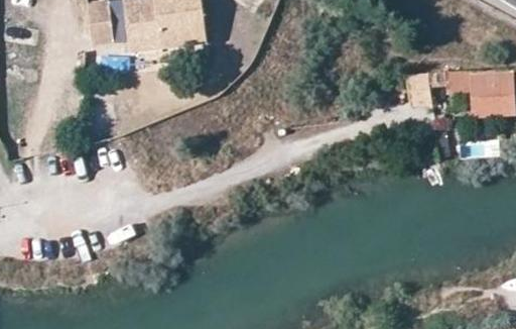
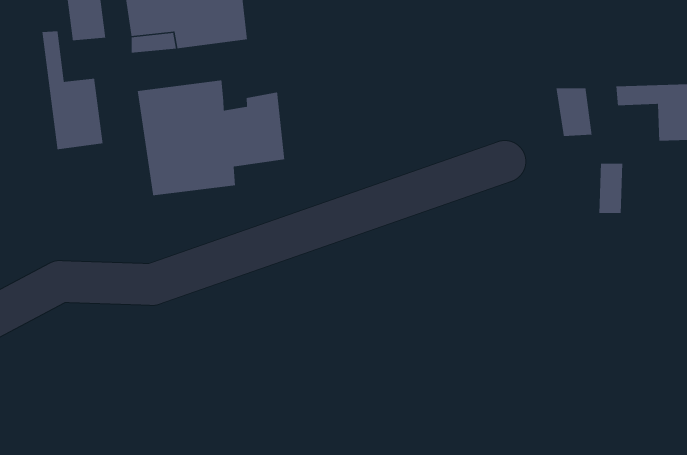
building: none -> [42,31,103,150]
building: none -> [137,79,285,196]

